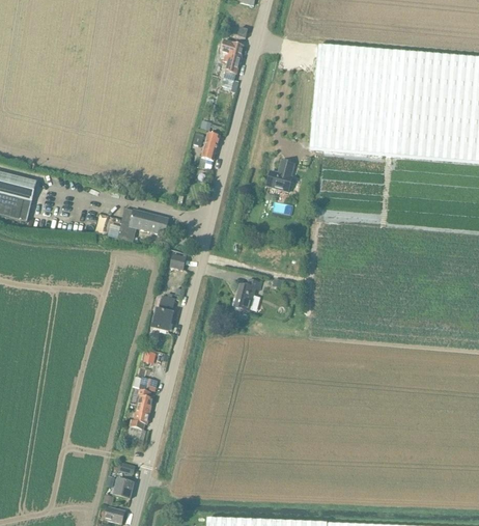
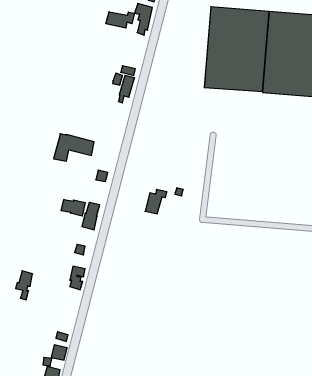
building: none -> [106,12,135,28]
building: [266,159,293,190] -> none
building: none -> [61,199,85,216]
building: [129,403,150,440] -> [16,271,33,300]

